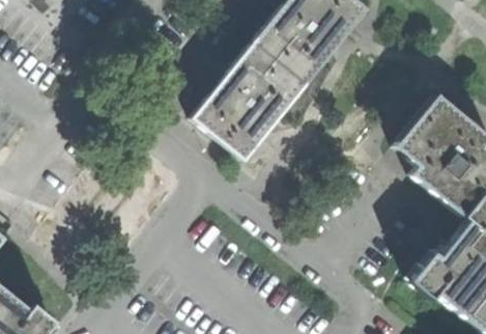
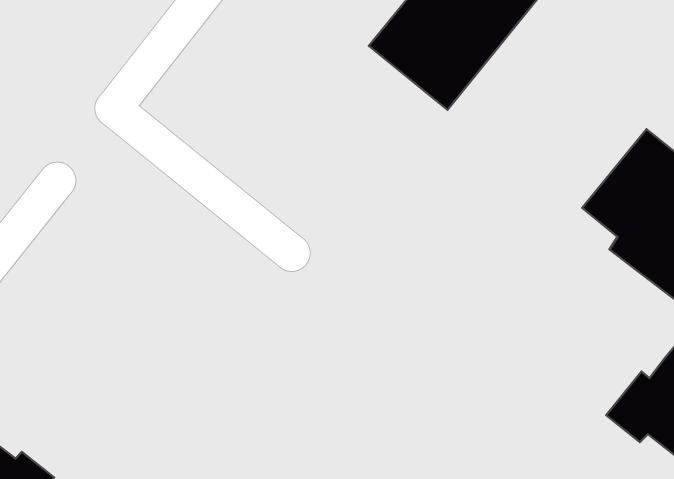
building: [196,40,307,156] -> none

